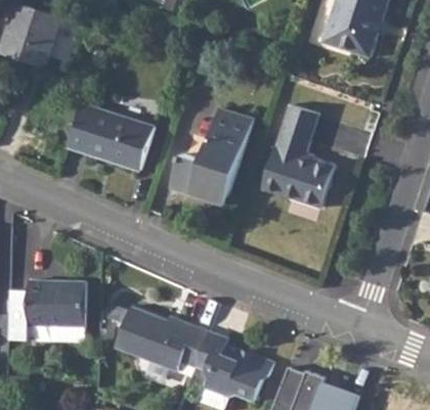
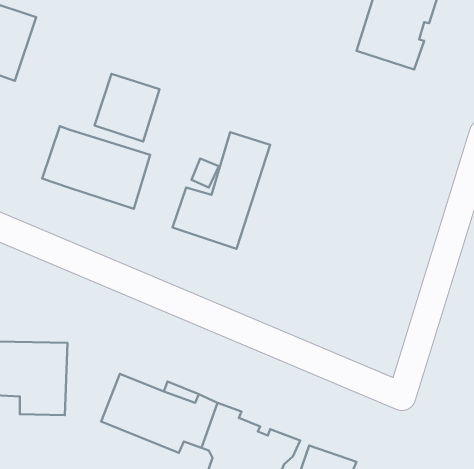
building: none -> [94,74,159,142]
building: [261,105,334,209] -> none

